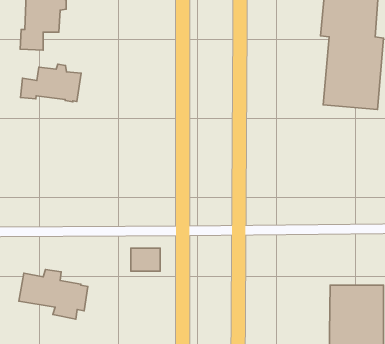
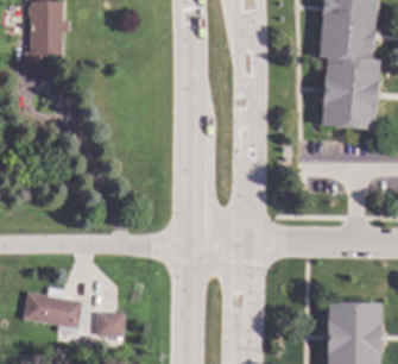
building: [20,64,81,102] -> none
building: [131,248,160,271] -> [96,312,125,334]

